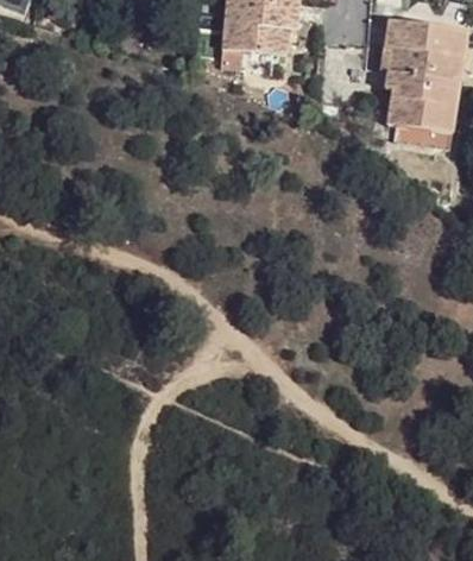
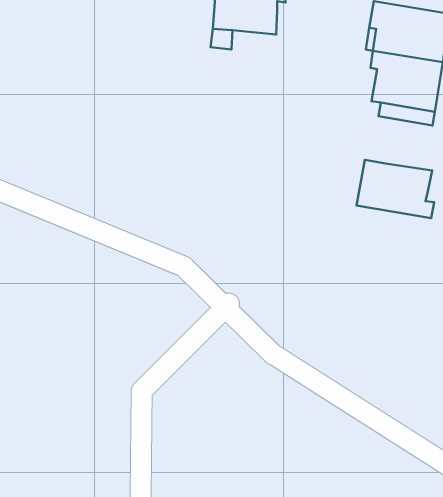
building: none -> [356,160,434,218]

